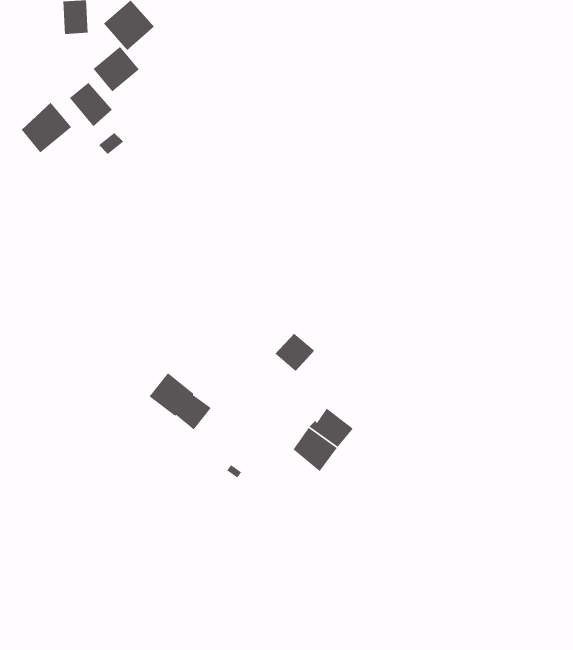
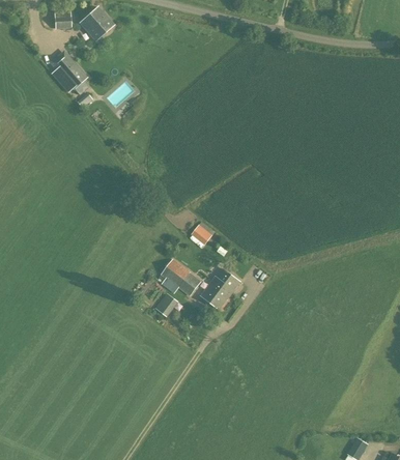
building: [93,46,140,92] -> none
building: [21,102,72,154] -> none
building: [149,372,212,430] -> [160,259,200,296]

